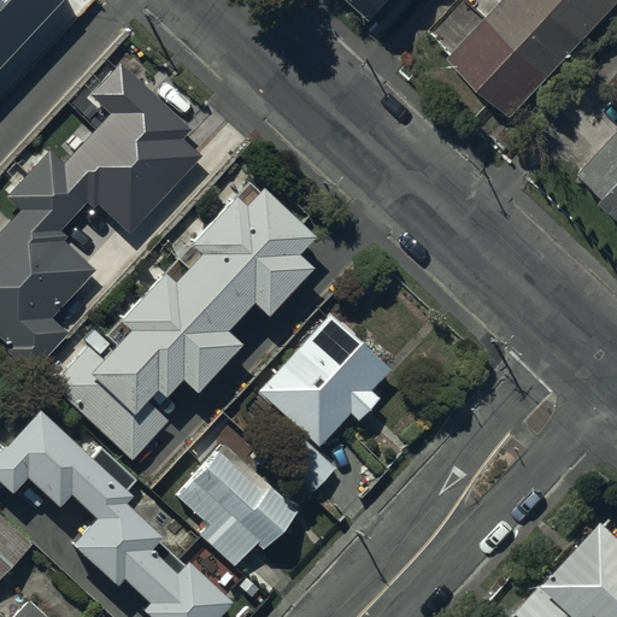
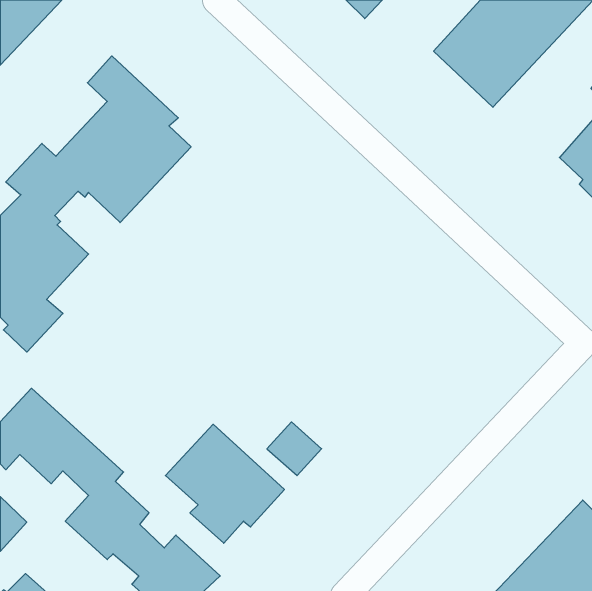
building: [52,184,312,460] -> none
building: [258,315,389,446] -> none

